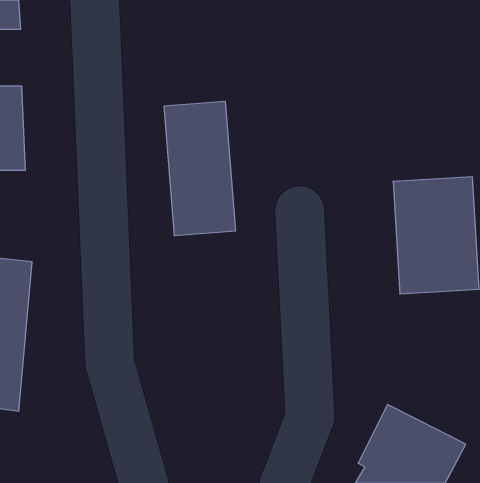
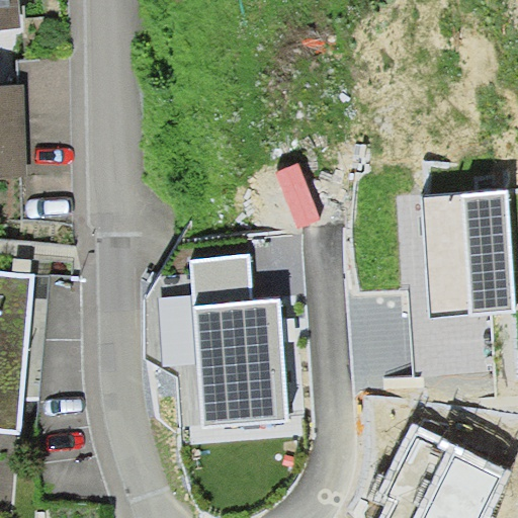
building: [164,101,235,236] -> none
building: none -> [187,256,285,426]

